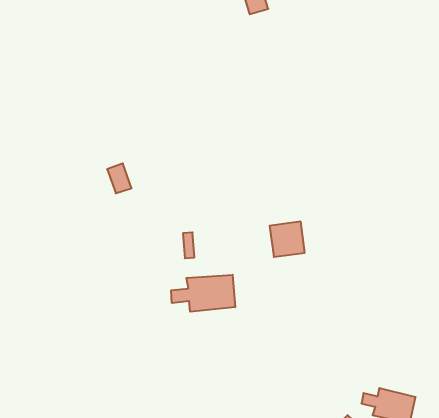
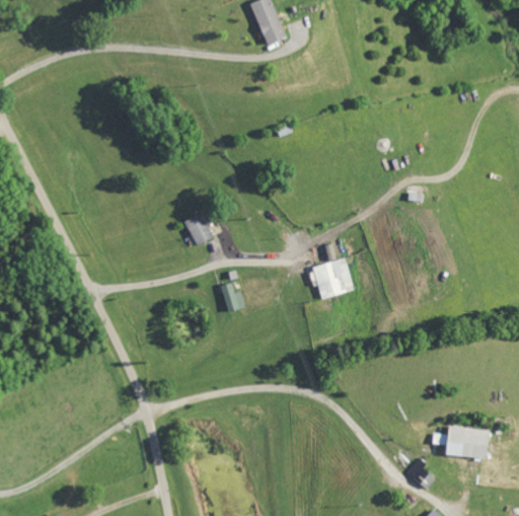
building: [107,163,132,193] -> [184,213,213,245]
building: [171,275,235,312] -> none

